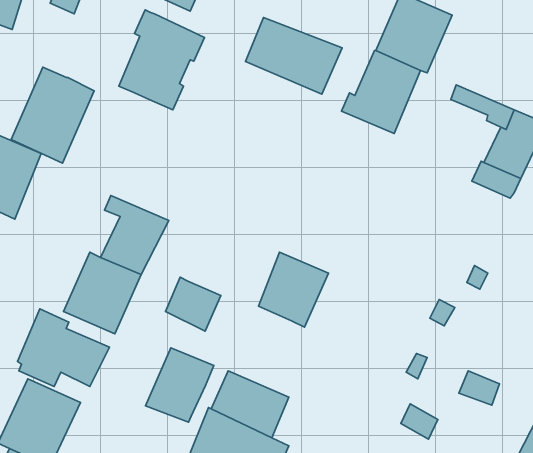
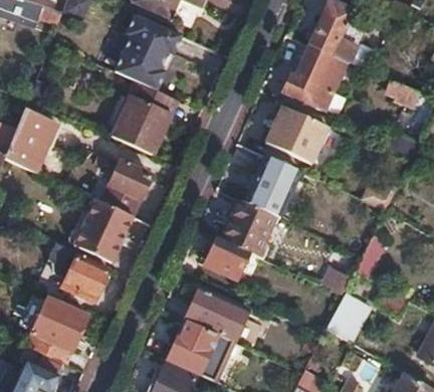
building: [245,17,342,94] -> none
building: [11,67,94,163] -> [115,82,178,156]
building: none -> [268,107,328,162]
building: none -> [248,160,293,208]
building: [166,277,221,331] -> [205,237,247,278]
building: [146,348,214,422] -> none

